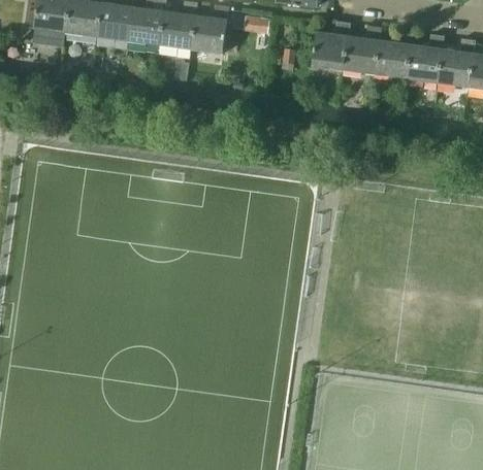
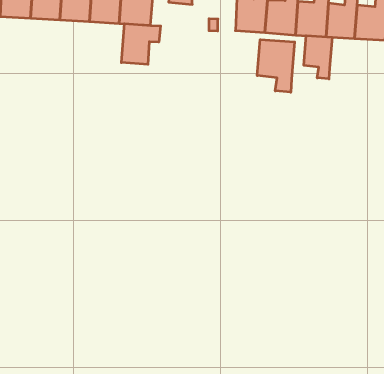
building: none -> [121,24,161,64]
building: none -> [304,36,332,79]
building: none -> [257,40,295,92]

